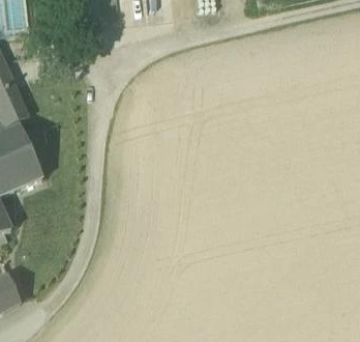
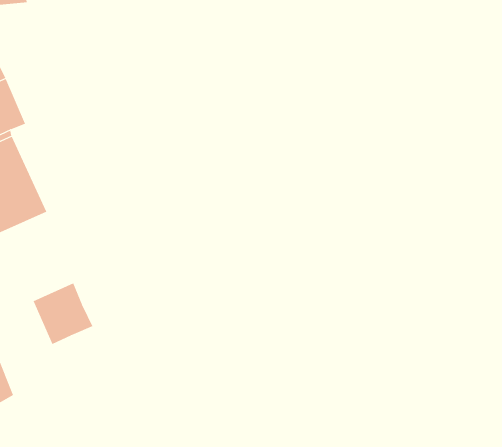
building: none -> [33,282,93,345]

